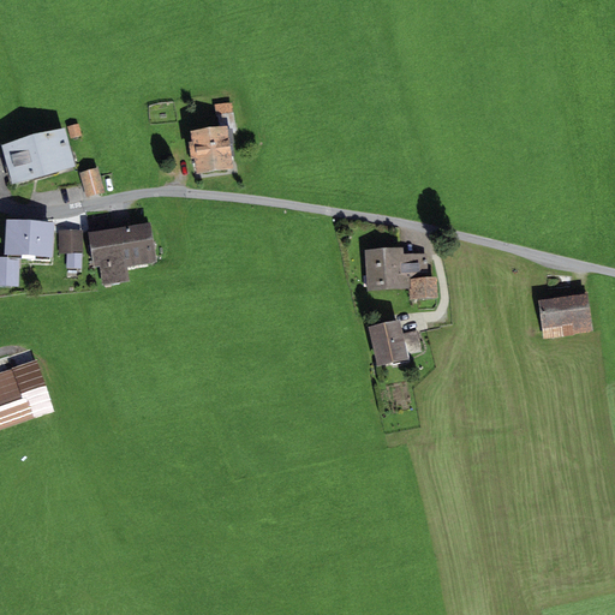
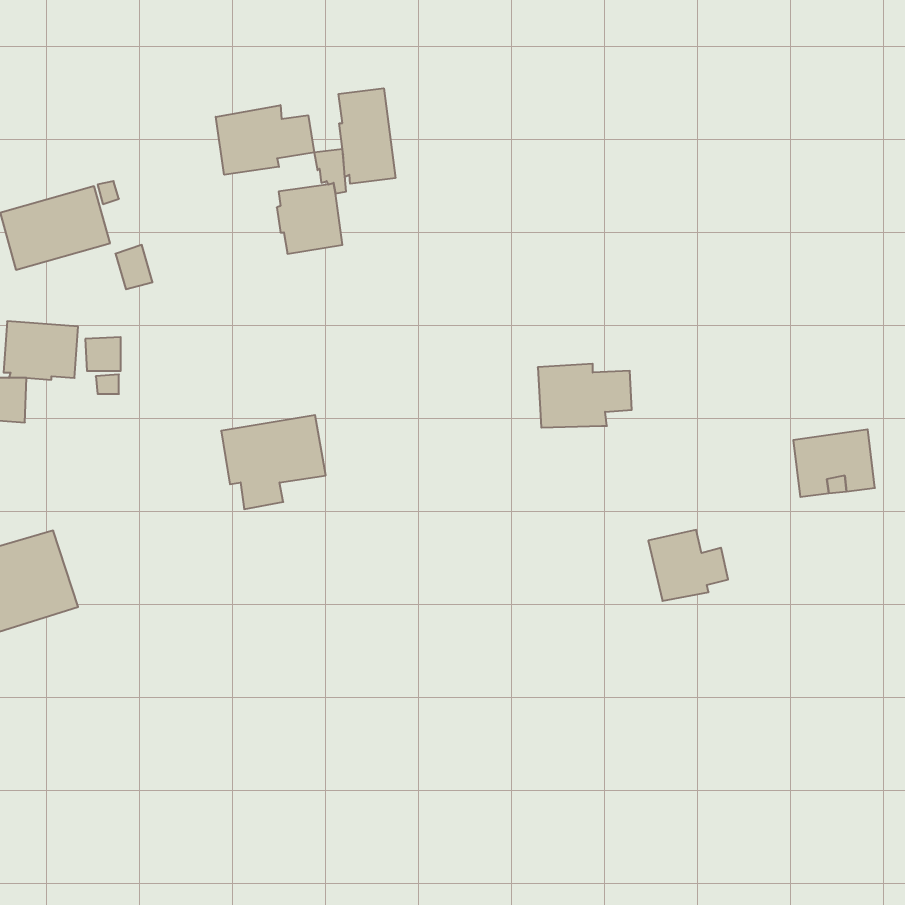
building: none -> [339,88,395,184]
building: none -> [216,105,314,175]
building: [85,220,156,283] -> [221,415,326,509]
building: [407,276,437,299] -> none
building: [366,317,420,365] -> [648,530,728,601]

